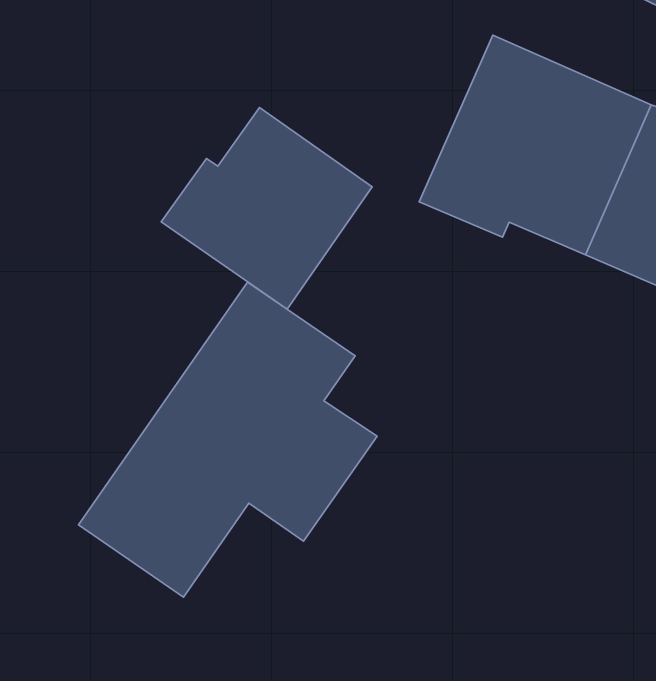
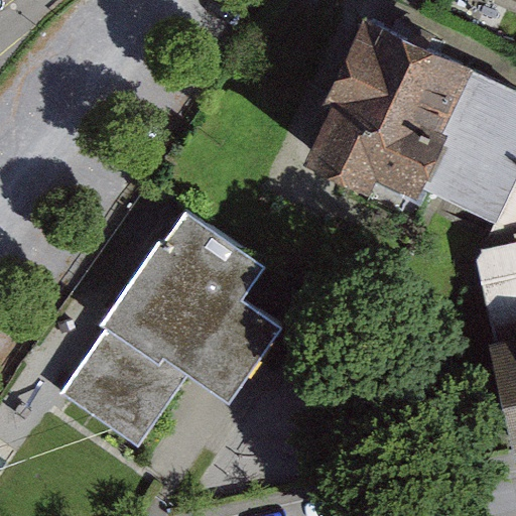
building: [161,108,372,309] -> none

